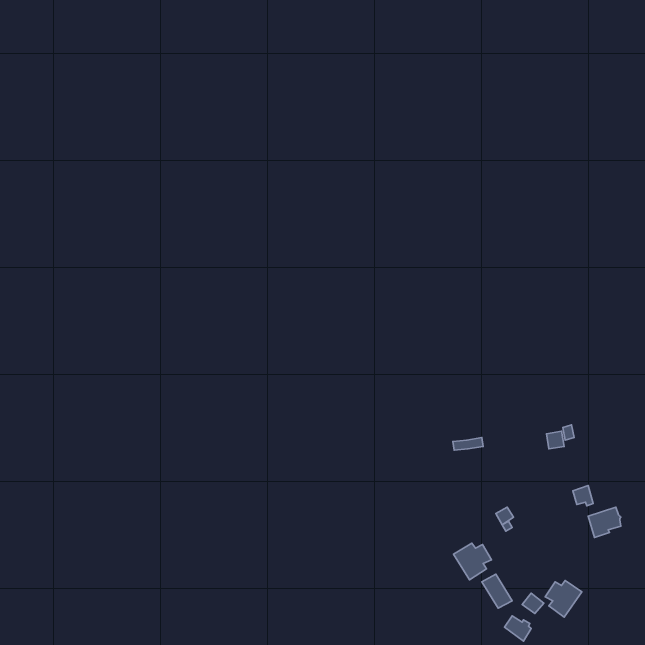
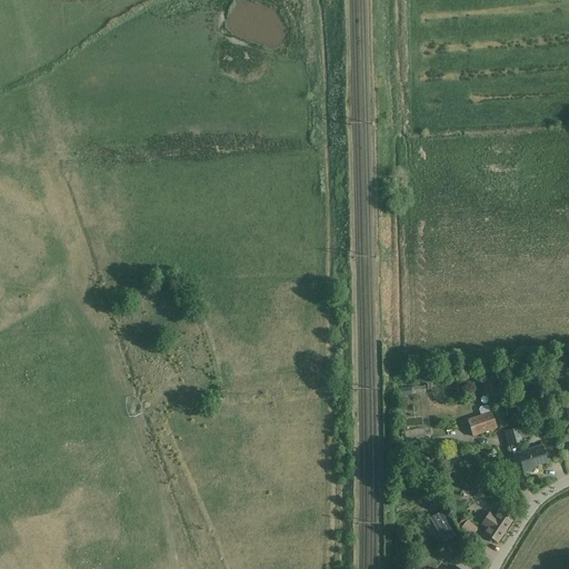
building: none -> [467,405,496,436]
building: [454,543,491,580] -> none

